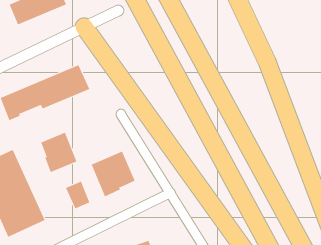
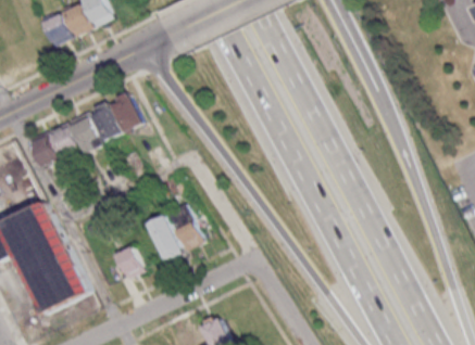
building: [40,132,77,173] -> none

